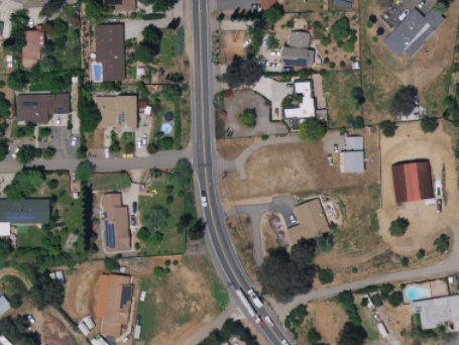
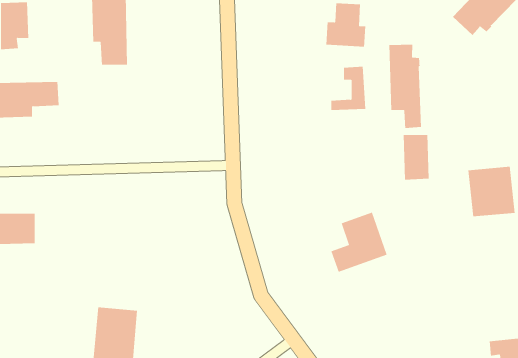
building: none -> [389,44,422,129]
building: [94,96,136,129] -> none
building: [102,193,129,251] -> none

